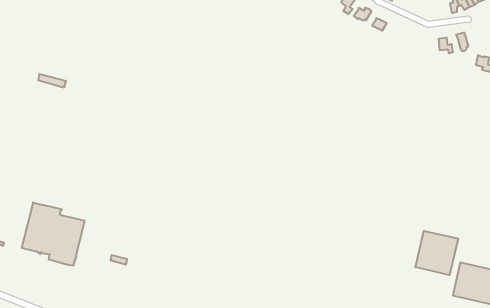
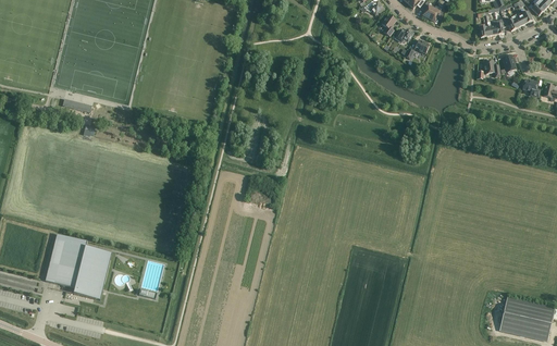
building: [415,231,458,275] -> none

